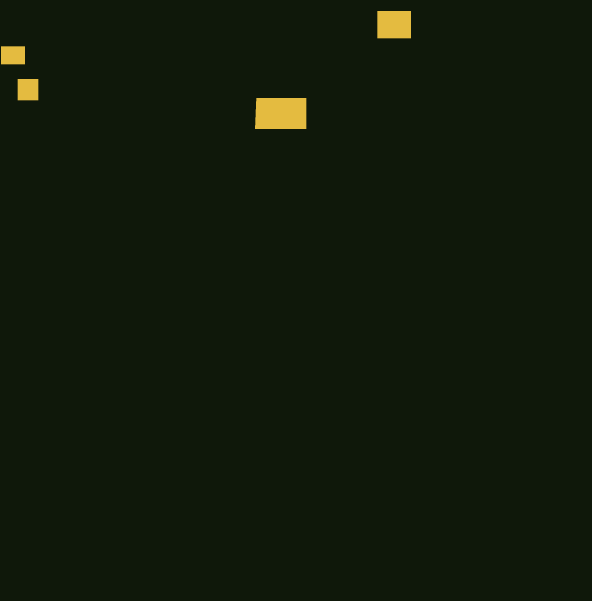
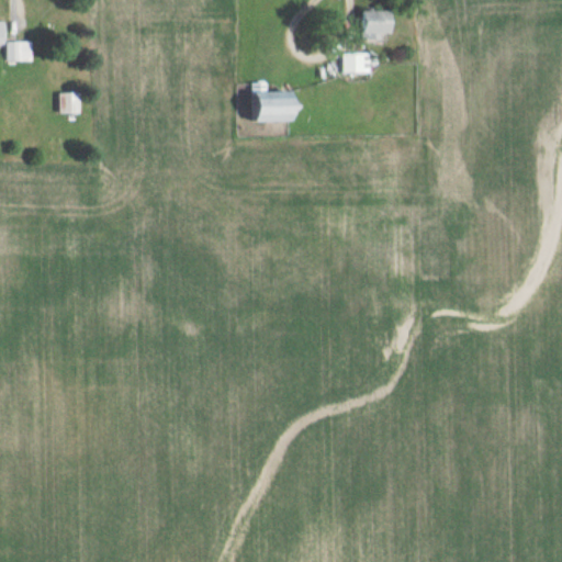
building: none -> [346,53,369,74]
building: [17,78,39,101] -> [60,93,81,114]

